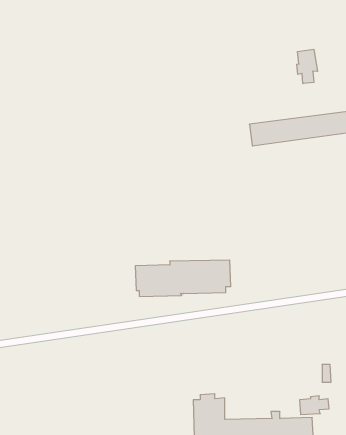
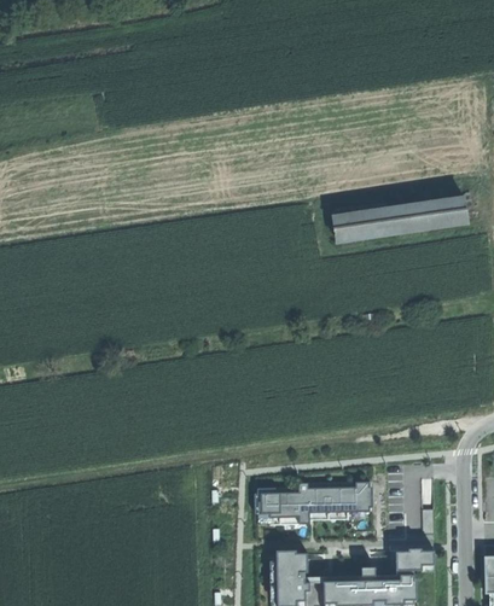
building: [297,49,317,84] -> none
building: [135,260,231,296] -> [255,480,372,525]

